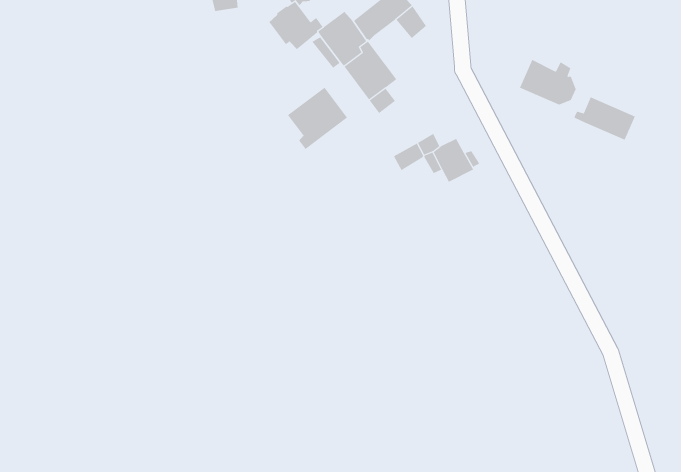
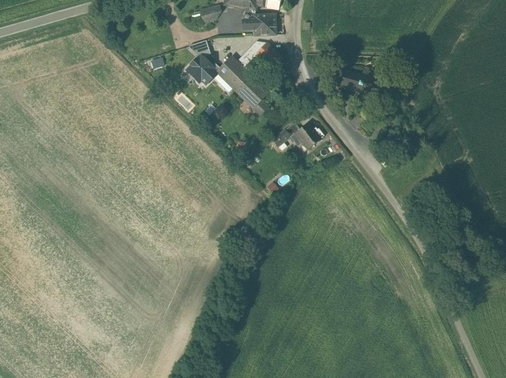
building: [287,87,348,151] -> none
building: [572,96,635,141] -> none

